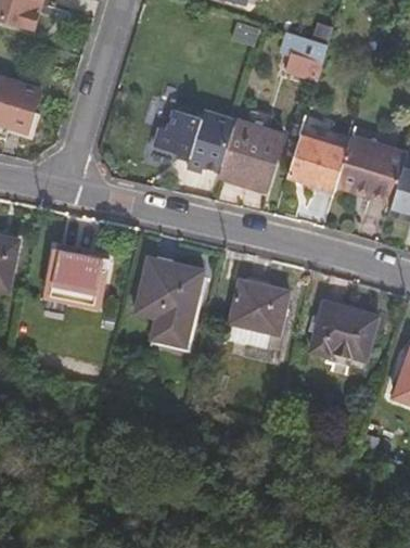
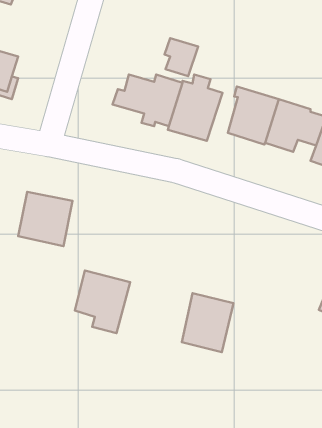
building: [283,33,323,78] -> [165,38,198,76]
building: [134,257,201,332] -> [75,270,130,333]
building: [226,273,287,344] -> [182,293,233,352]
building: [315,296,380,353] -> none

